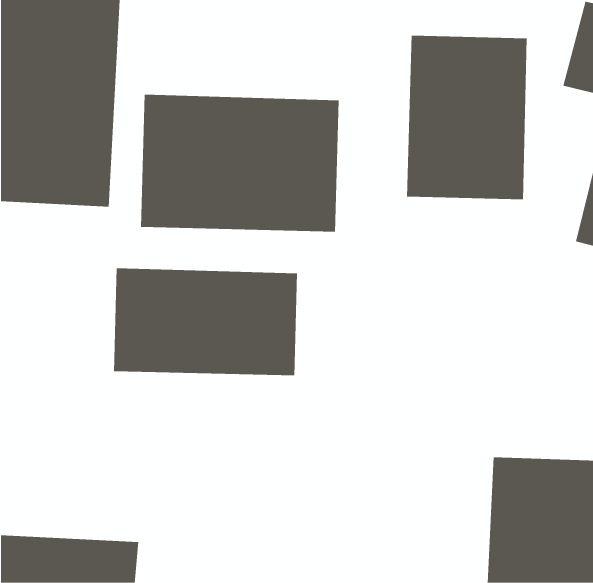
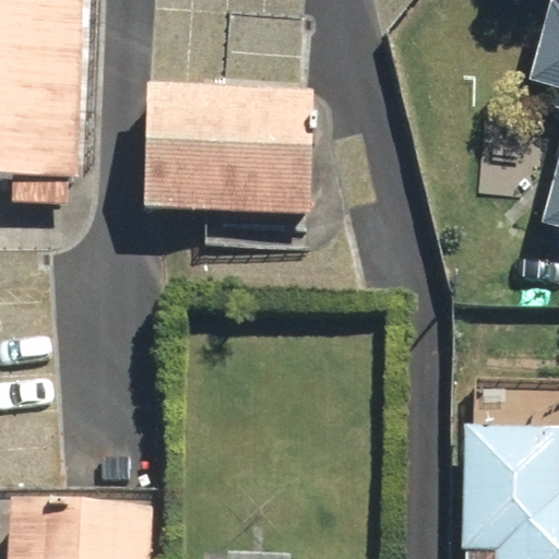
building: [406,35,527,200] -> none
building: [114,268,297,376] -> none

